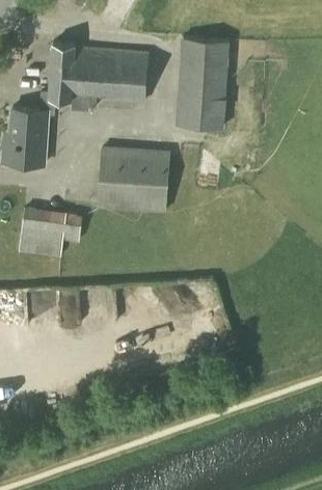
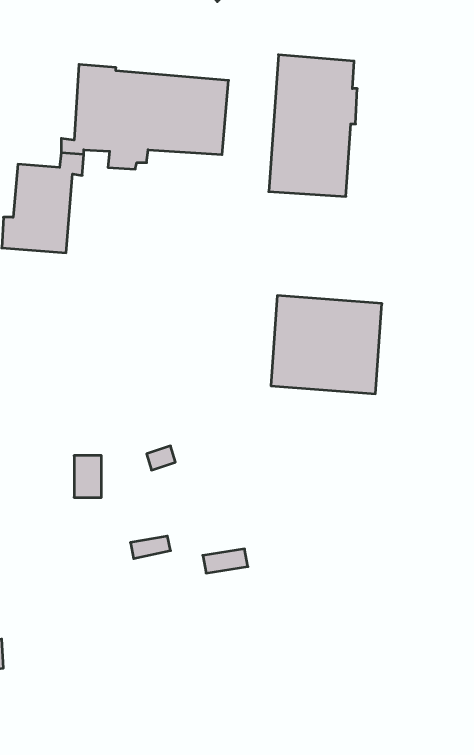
building: [98,147,169,211] -> [271,296,382,394]
building: [18,206,82,256] -> none

